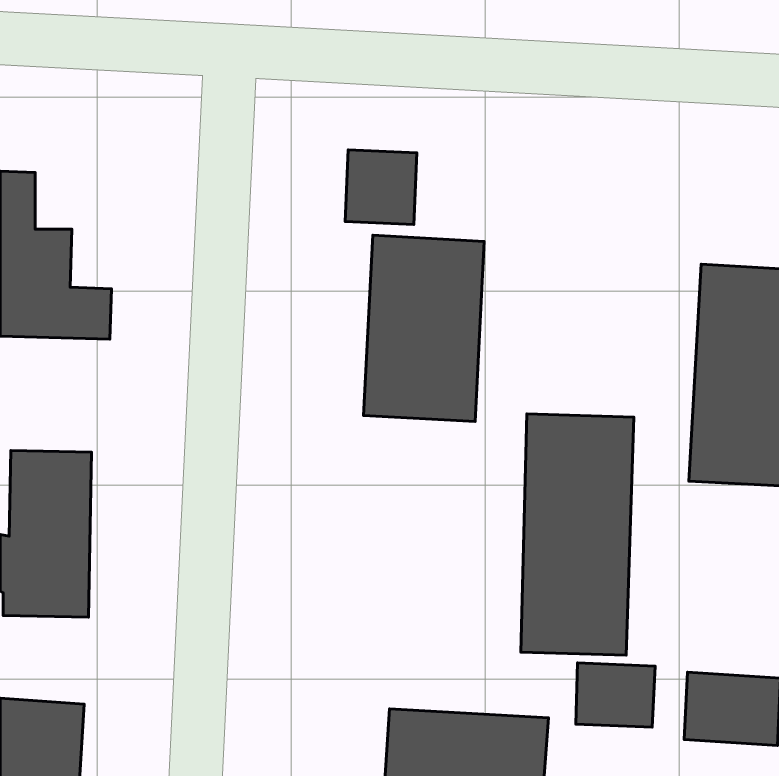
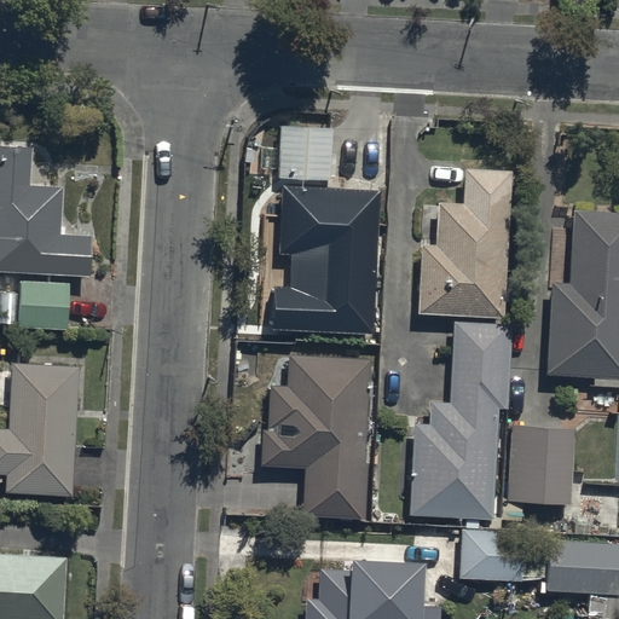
building: none -> [415,173,516,318]
building: none -> [16,279,68,329]
building: none -> [265,359,374,521]
building: none -> [498,422,571,520]

